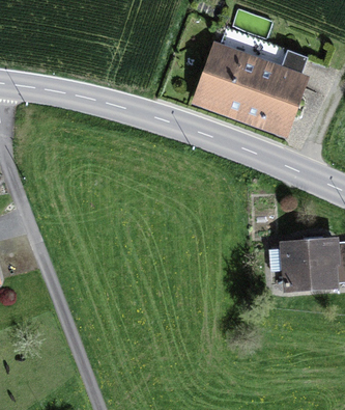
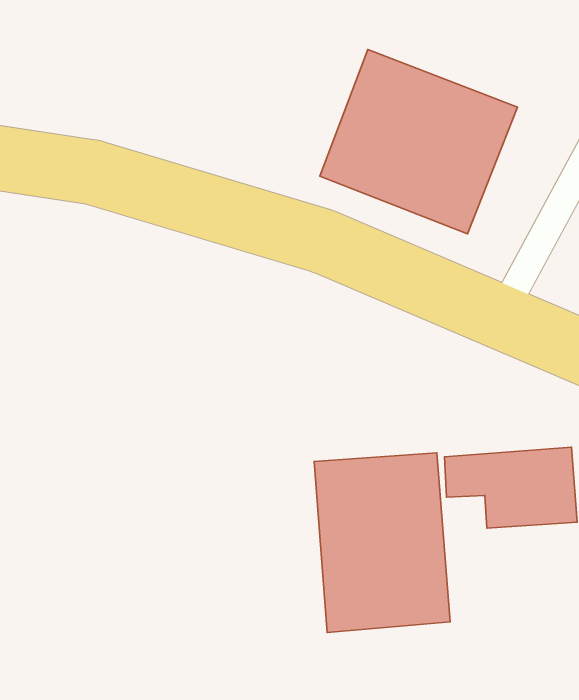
building: none -> [314,453,450,632]

